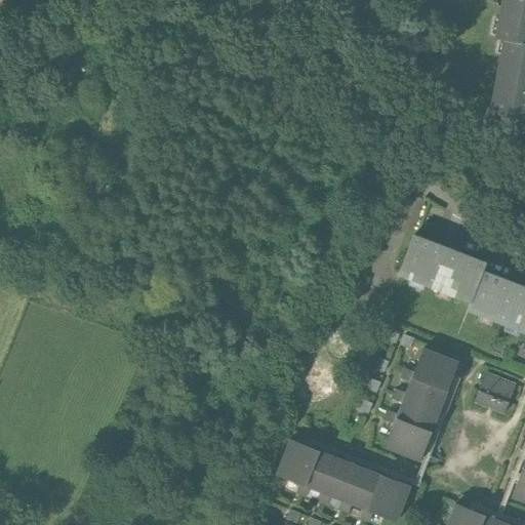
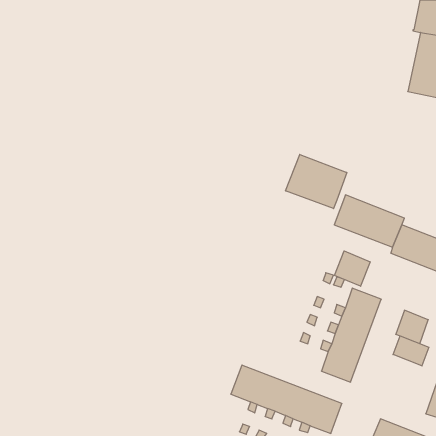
building: none -> [286,154,347,209]
building: none -> [335,251,370,286]
building: none -> [393,336,429,366]

